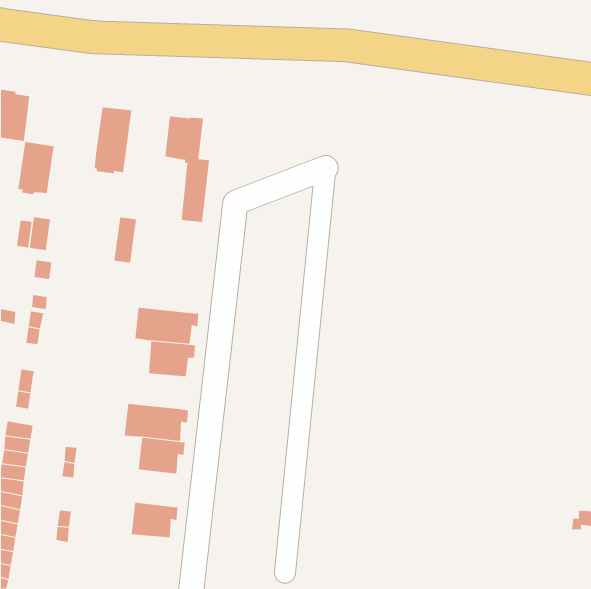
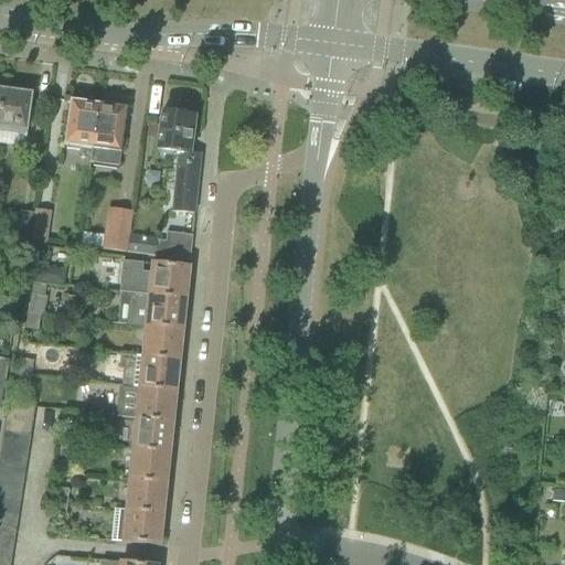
building: [17,141,54,195] -> [63,97,98,148]
building: none -> [126,232,192,259]
building: none -> [118,258,194,298]
building: none -> [121,353,184,390]
building: none -> [129,447,174,482]
building: none -> [122,509,169,544]

